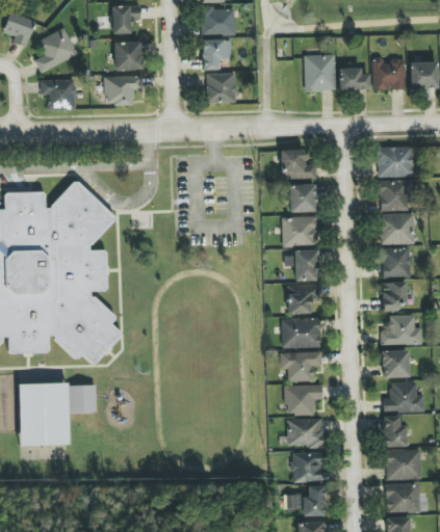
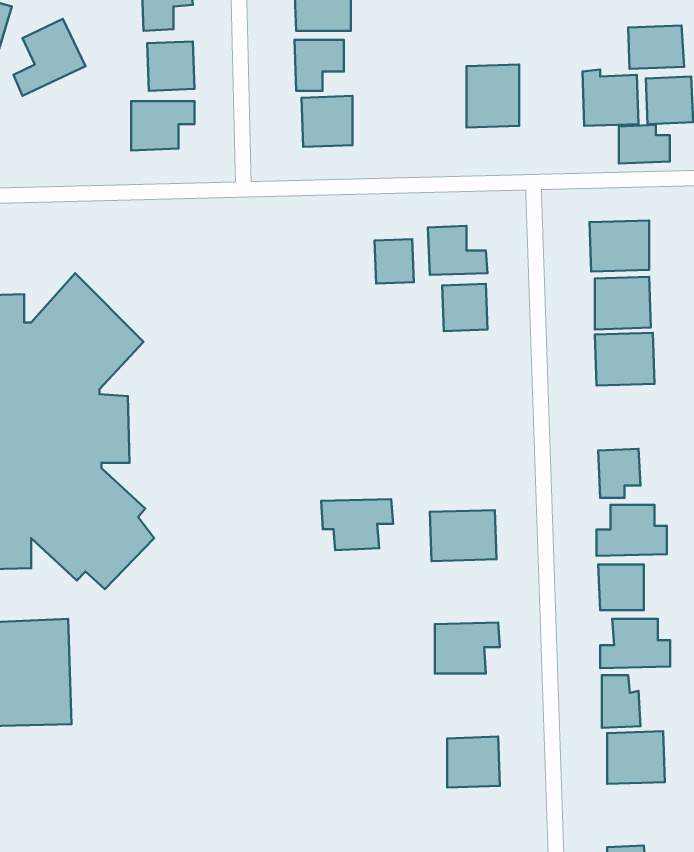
building: none -> [628,26,684,69]
building: [339,68,369,90] -> [619,125,670,163]
building: [41,79,76,109] -> none
building: none -> [375,239,414,283]
building: [282,216,317,245] -> none
building: [383,247,411,277] -> none
building: [284,249,319,281] -> none
building: [287,285,320,314] -> none
building: [280,351,322,381] -> [321,499,393,550]
building: [69,384,96,413] -> none
building: [287,419,323,447] -> none
building: [386,483,420,512] -> none
building: [287,485,325,514] -> none

